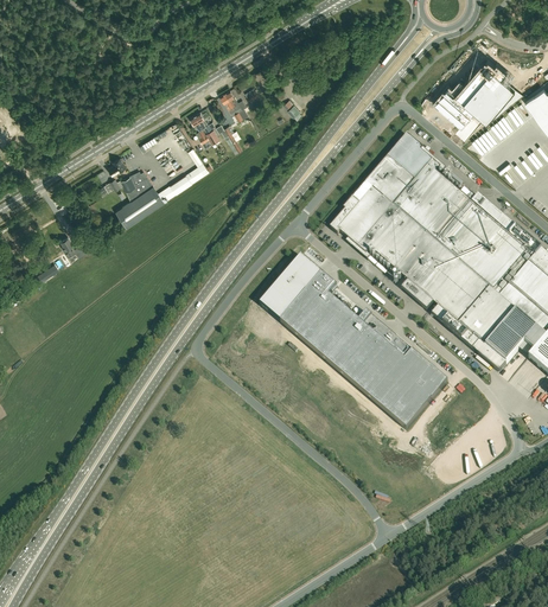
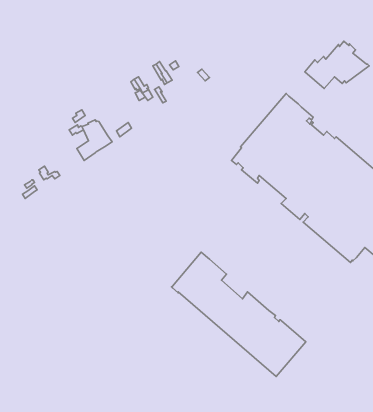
building: [260,254,448,428] -> [172,252,306,376]

